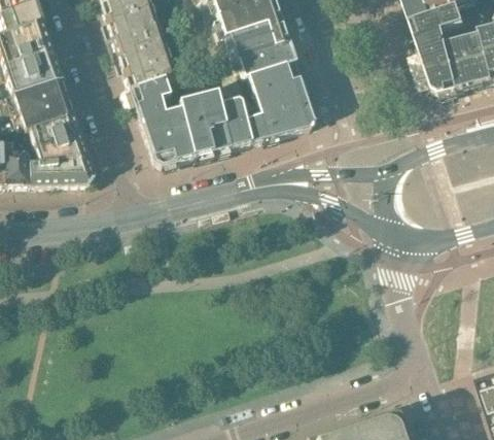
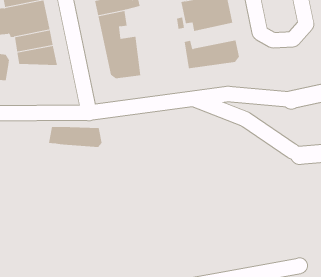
building: [248,75,305,113] -> none
building: [177,88,249,155] -> none
building: [24,155,92,181] -> [48,126,103,148]

